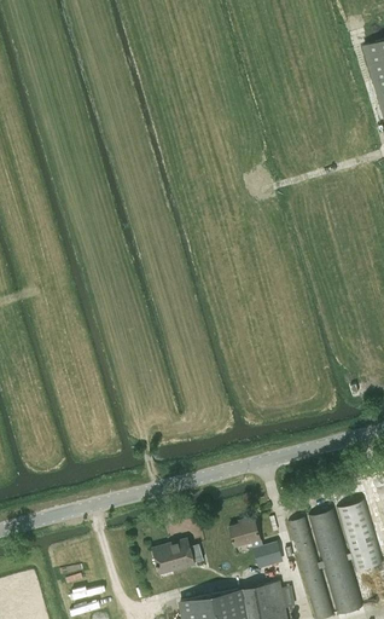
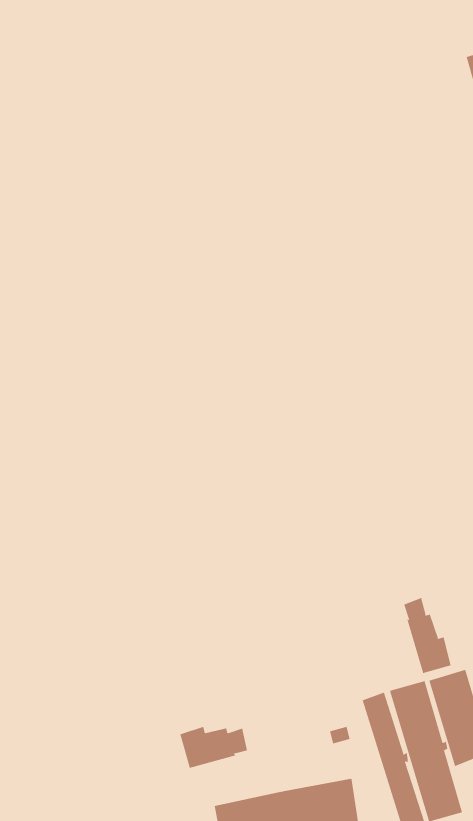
building: none -> [404,597,451,674]
building: [229,517,261,546] -> none

